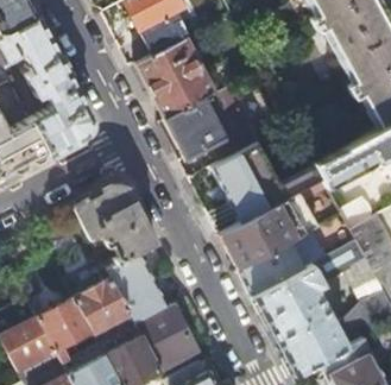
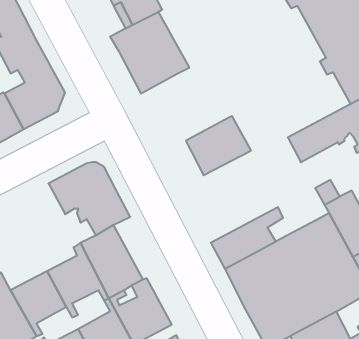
building: [166,86,256,157] -> none
building: [219,190,317,267] -> none

